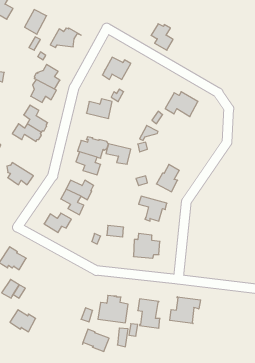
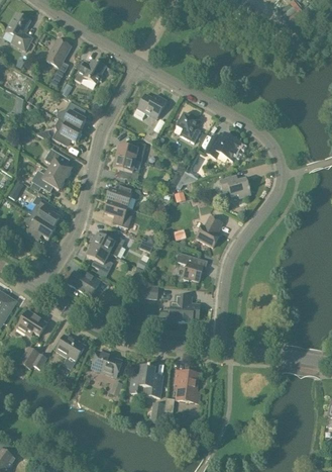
building: [151,24,173,50] -> [176,112,201,143]
building: none -> [220,175,250,197]
building: [106,144,131,164] -> [113,157,141,180]
building: none -> [31,199,60,228]
building: [170,297,201,324] -> none
building: [10,310,36,332] -> [56,335,85,360]
building: [83,329,109,351] -> [92,351,122,376]

